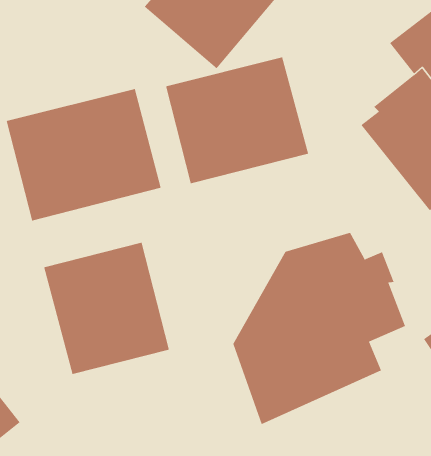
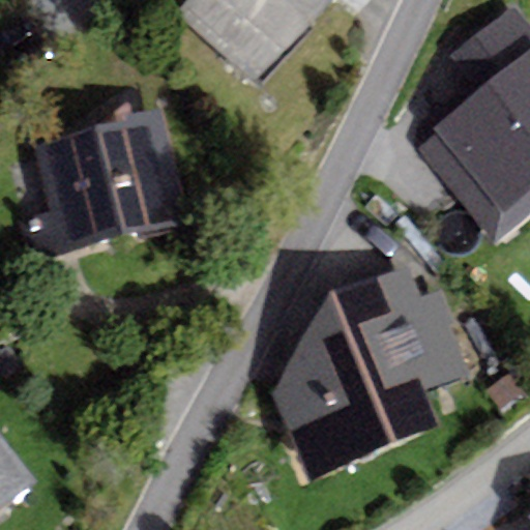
building: [166,56,309,184] -> none
building: [44,242,169,375] -> none

